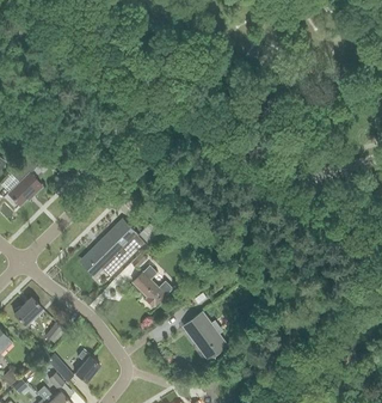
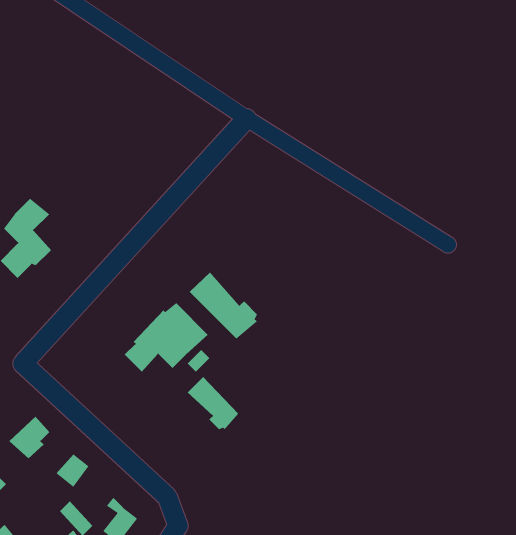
building: none -> [189,272,258,339]
building: [183,310,228,359] -> none

